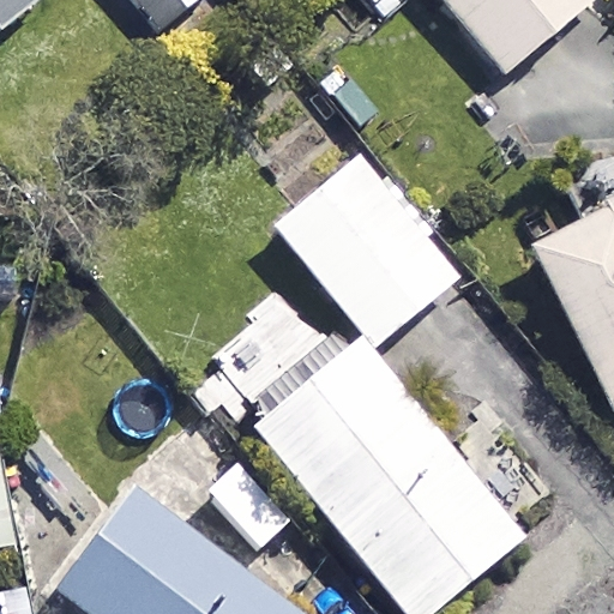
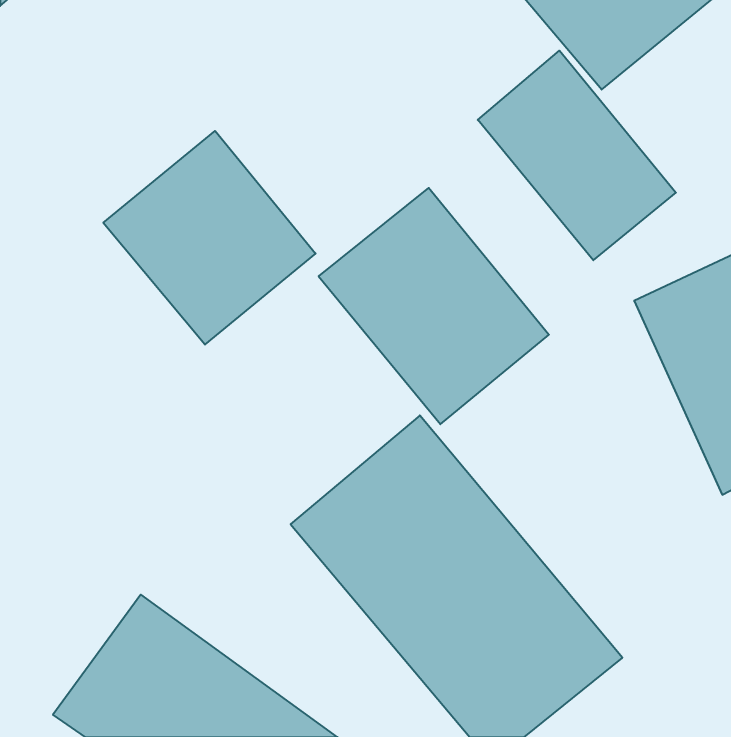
building: none -> [478,51,676,260]
building: none -> [103,131,316,345]

